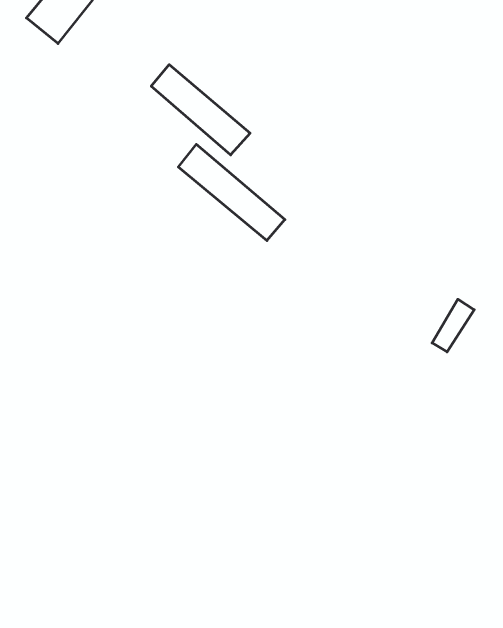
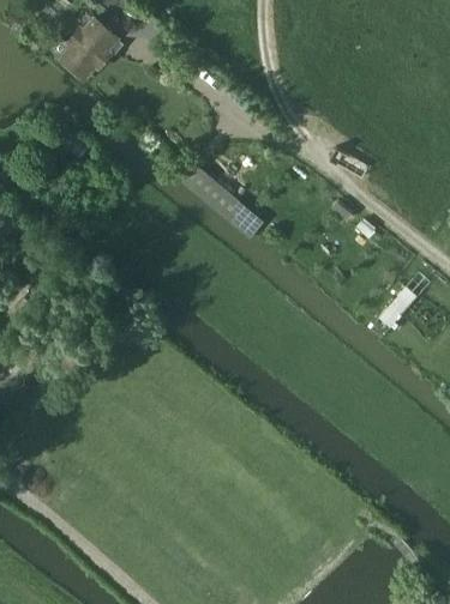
building: [151,65,250,155] -> none

